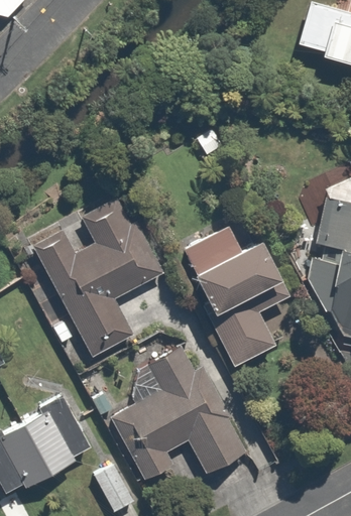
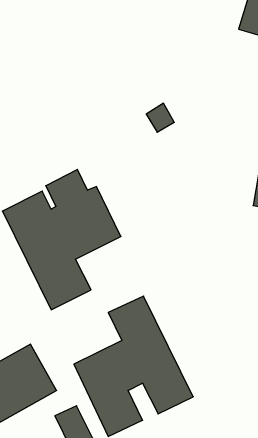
building: [182,225,291,373] -> none

